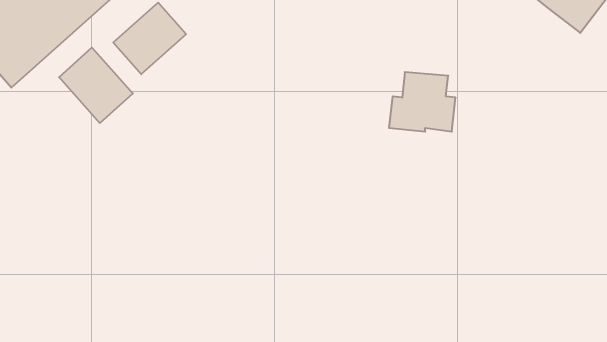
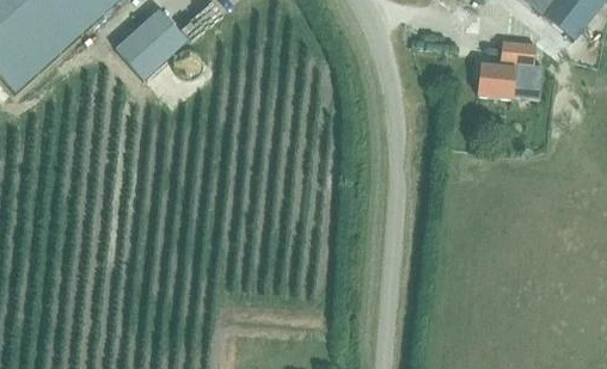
building: [59,48,133,123] -> none
building: [389,72,456,132] -> [476,39,541,98]

